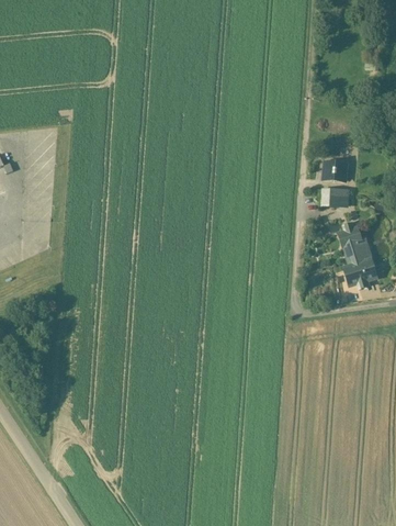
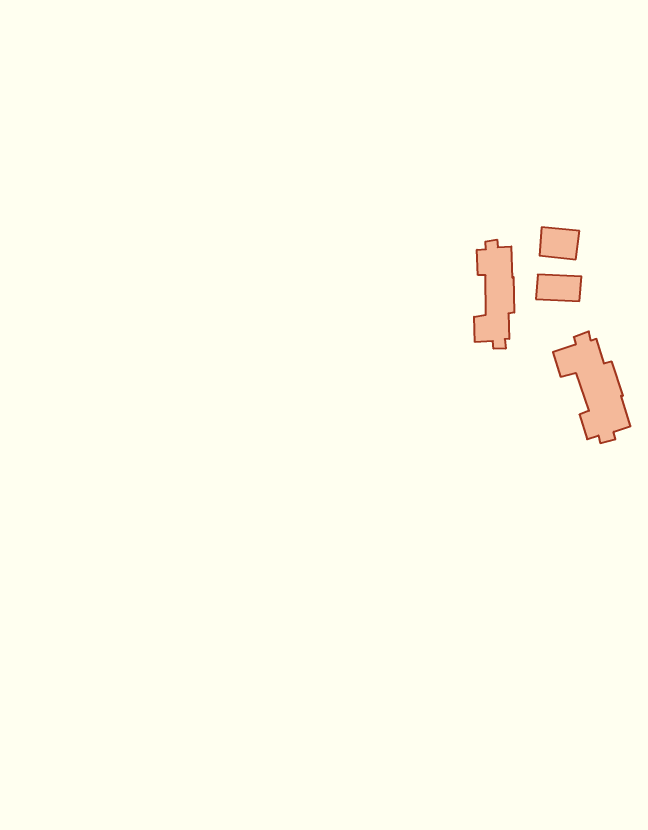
building: none -> [474,240,514,349]

